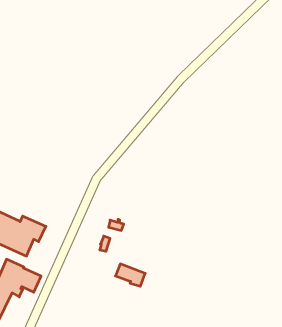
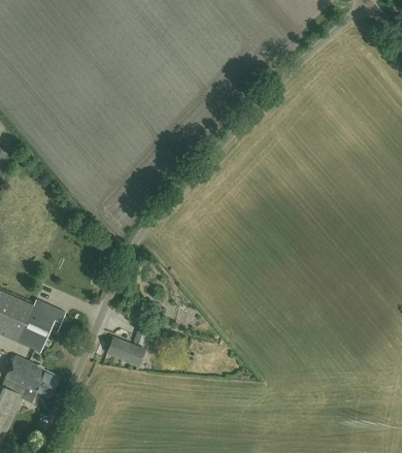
building: [115,264,145,286] -> [106,337,144,366]

